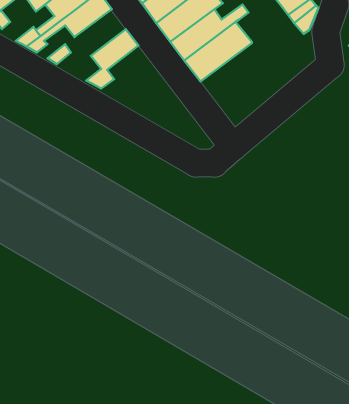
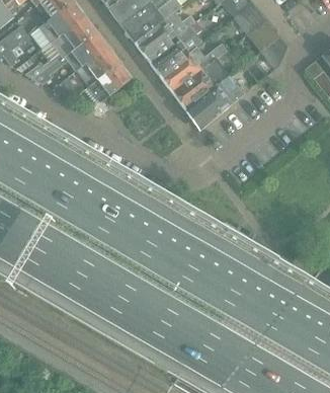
building: none -> [76,46,119,86]
building: none -> [184,75,243,129]

